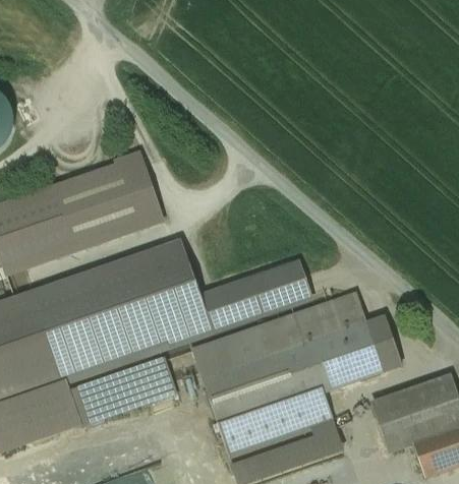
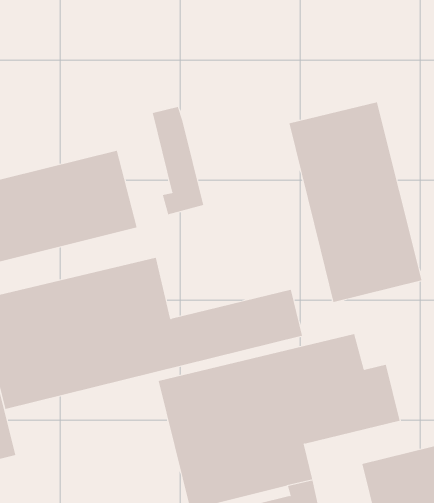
building: none -> [289,101,422,303]
building: none -> [152,106,204,215]
building: [69,358,176,423] -> none

